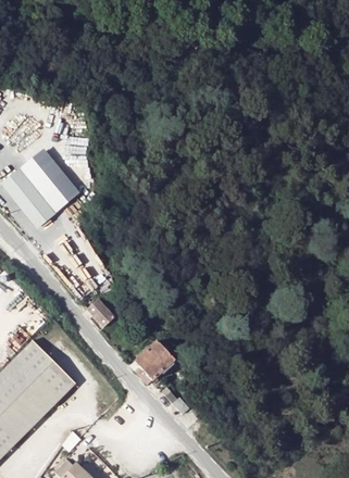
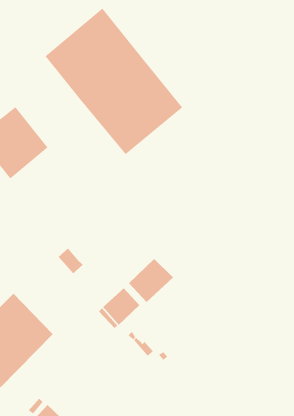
building: none -> [45,8,183,155]
building: none -> [128,258,174,303]

